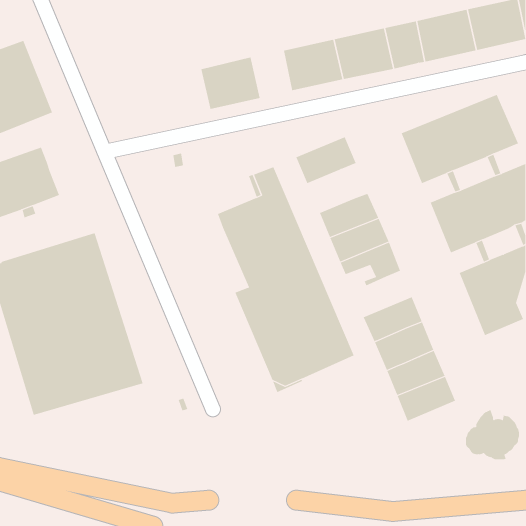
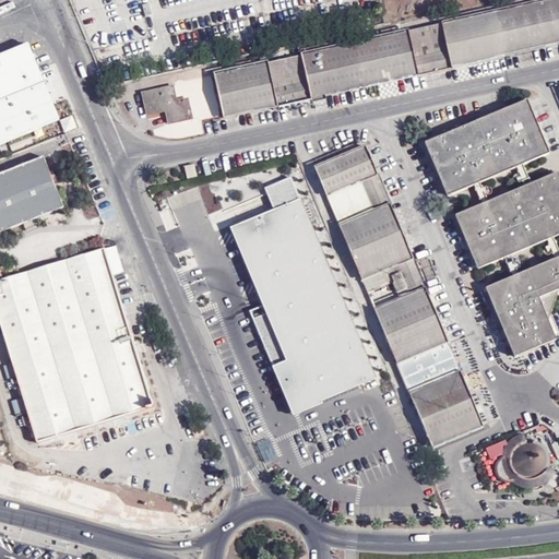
building: none -> [265,53,308,104]
building: none -> [141,85,190,121]
building: none -> [324,173,389,225]
building: none -> [372,286,436,335]

